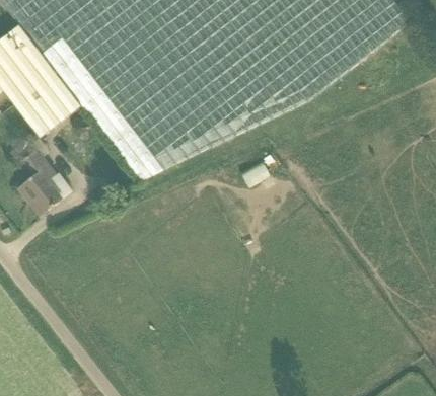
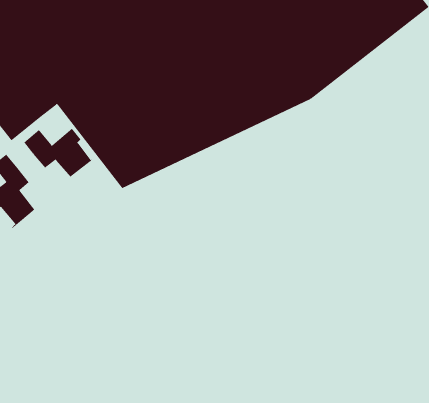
building: none -> [23,128,96,178]

